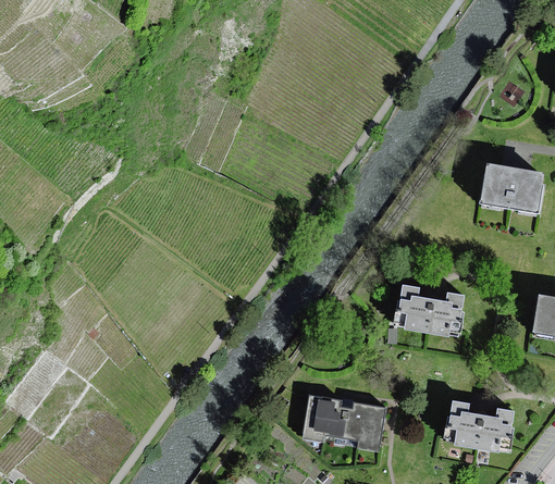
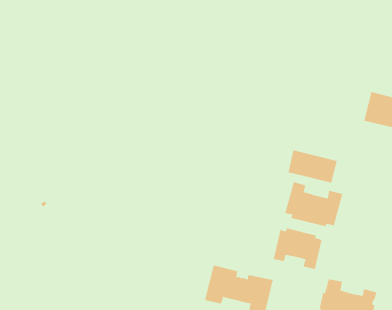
building: none -> [288,149,338,183]
building: none -> [273,227,322,270]

